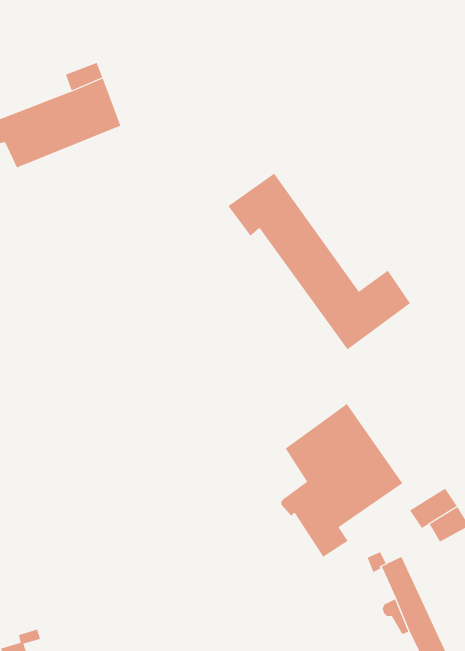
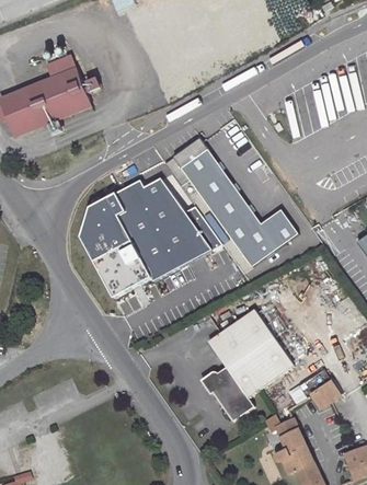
building: none -> [81,178,219,299]

